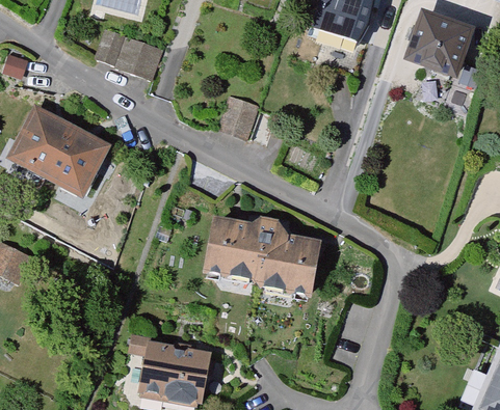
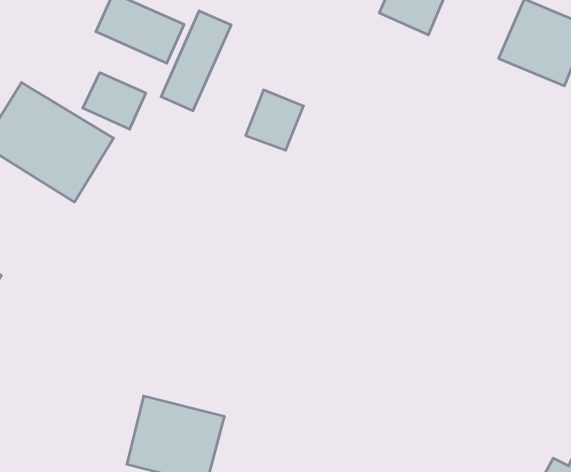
building: none -> [161,11,231,111]
building: none -> [83,73,146,129]
building: [204,216,323,299] -> none

